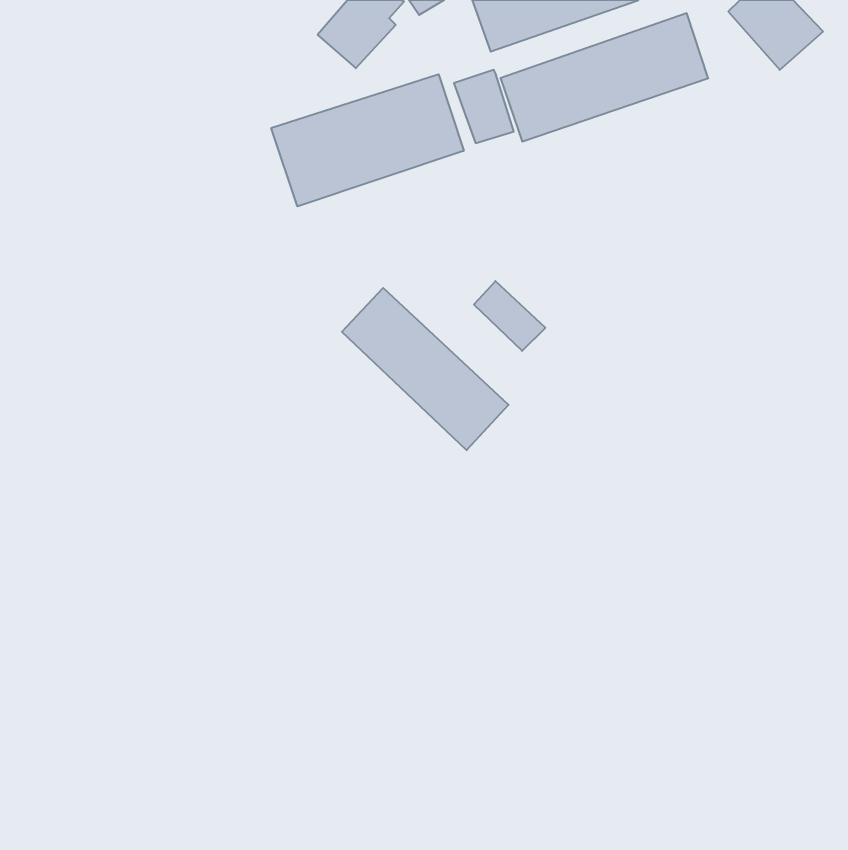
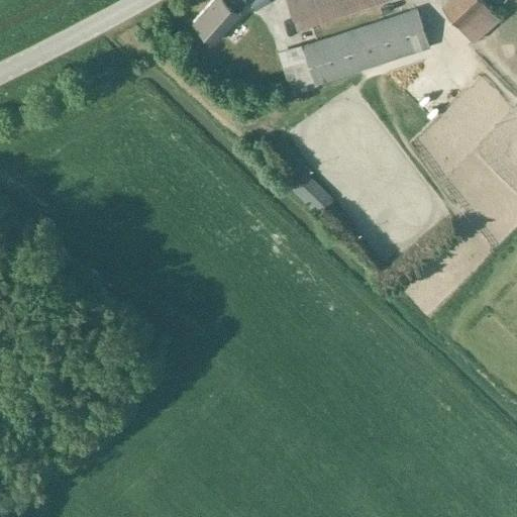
building: [271,74,464,206] -> none
building: [342,288,509,450] -> none

